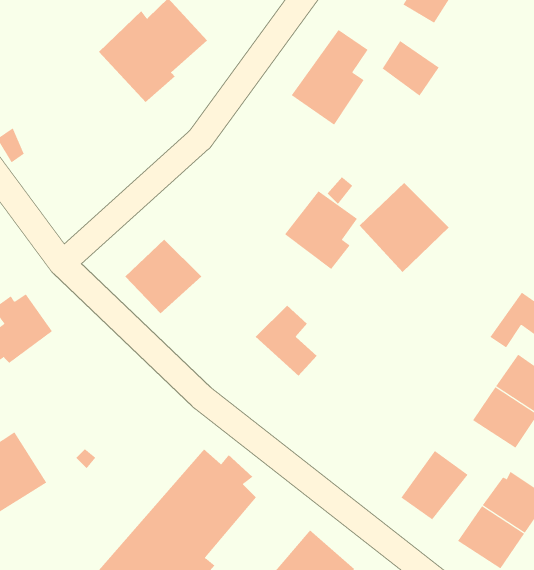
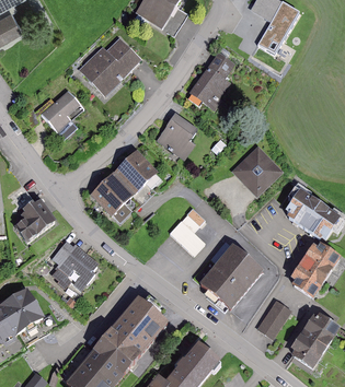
building: [382,40,439,96] -> none
building: none -> [42,92,81,141]
building: [284,191,358,270] -> [152,112,195,157]
building: none -> [115,153,159,197]
building: none -> [284,185,322,232]
building: none -> [50,244,97,292]
building: none -> [196,246,260,309]

